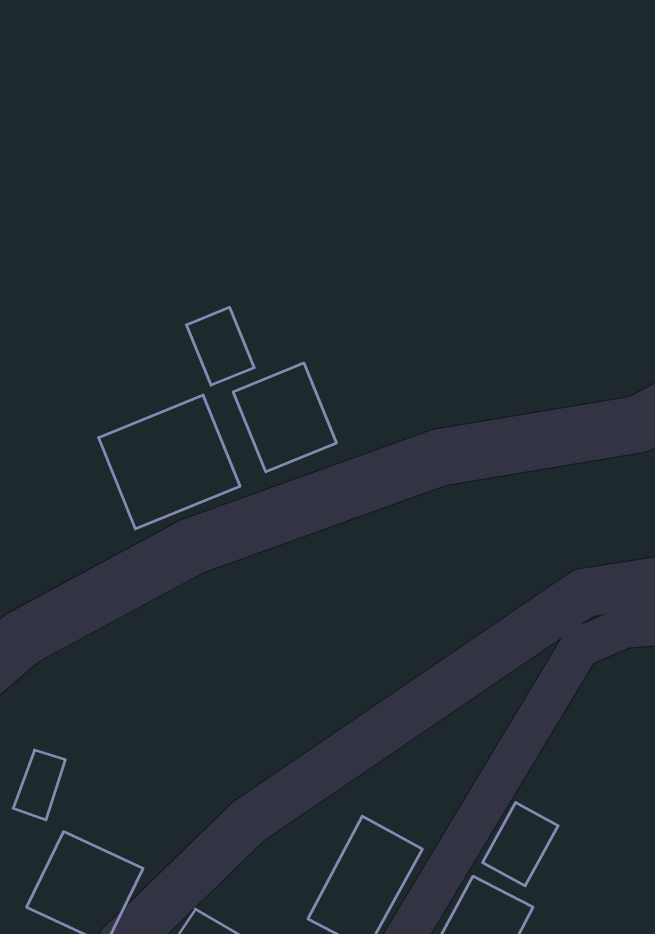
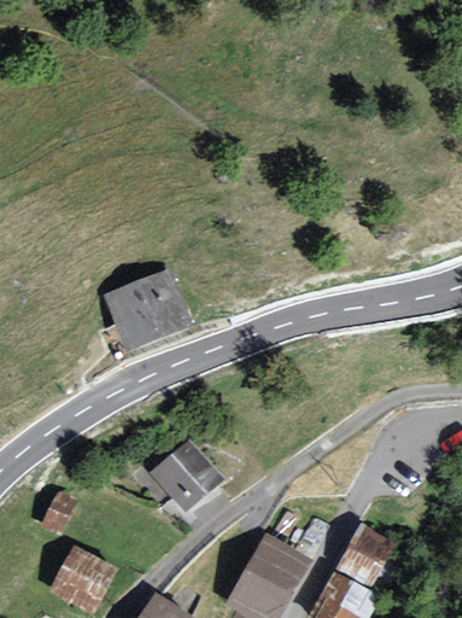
building: [186,307,254,385] -> none
building: [233,363,336,472] -> none
building: none -> [153,441,226,514]

